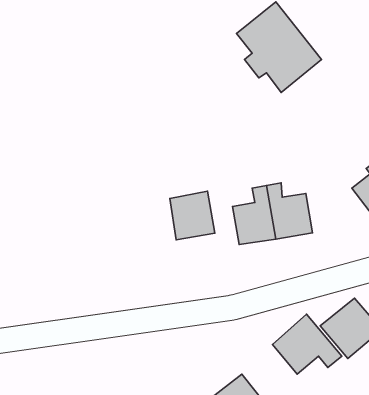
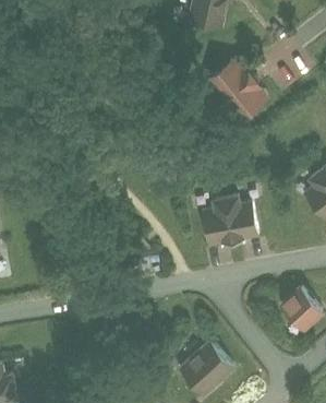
building: [170,191,215,240] -> none
building: [272,314,342,374] -> none

